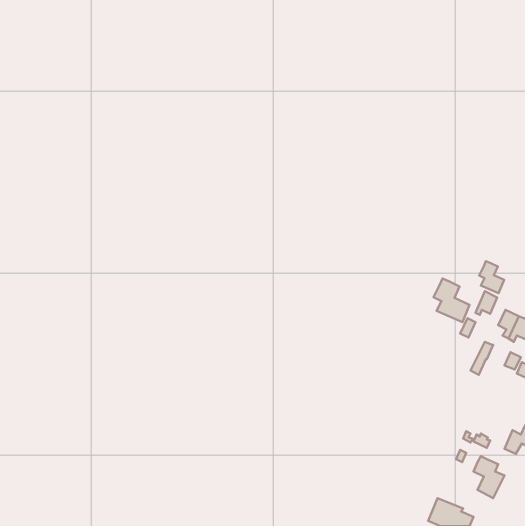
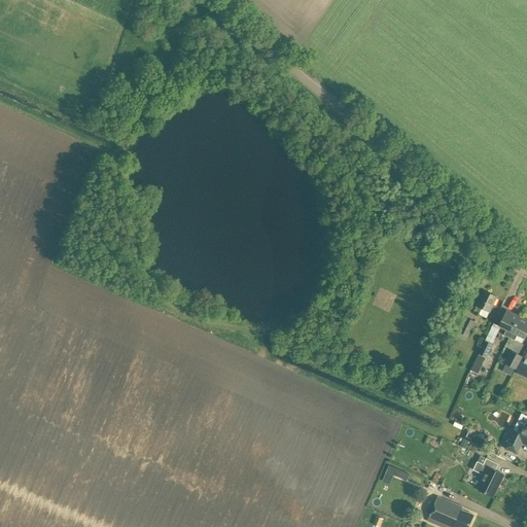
building: [479,261,504,293] -> none
building: [434,279,469,322] -> none

